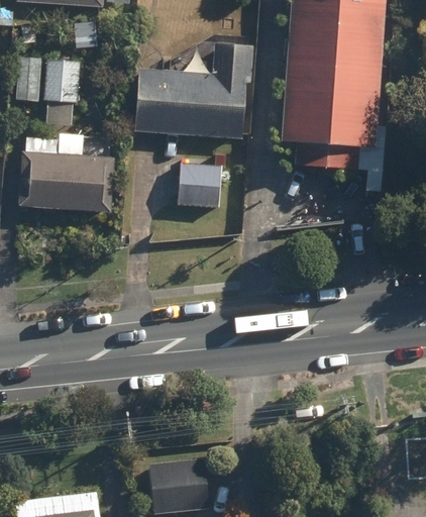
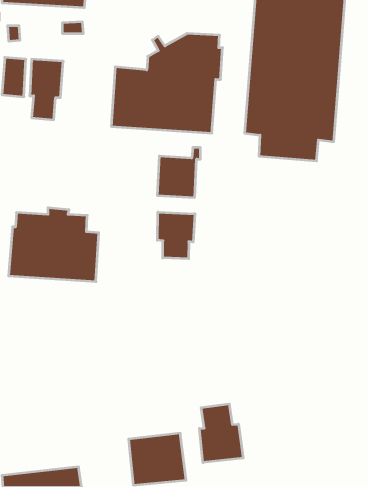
building: [20,135,115,213] -> [9,208,99,282]
building: none -> [157,212,195,259]
building: none -> [199,404,243,463]

